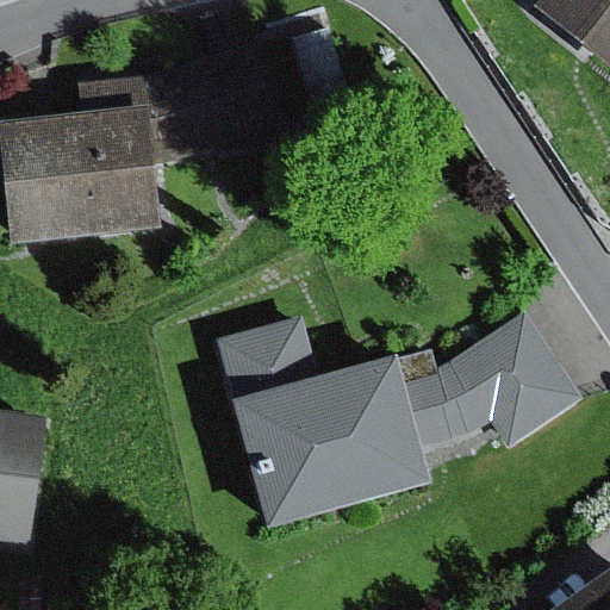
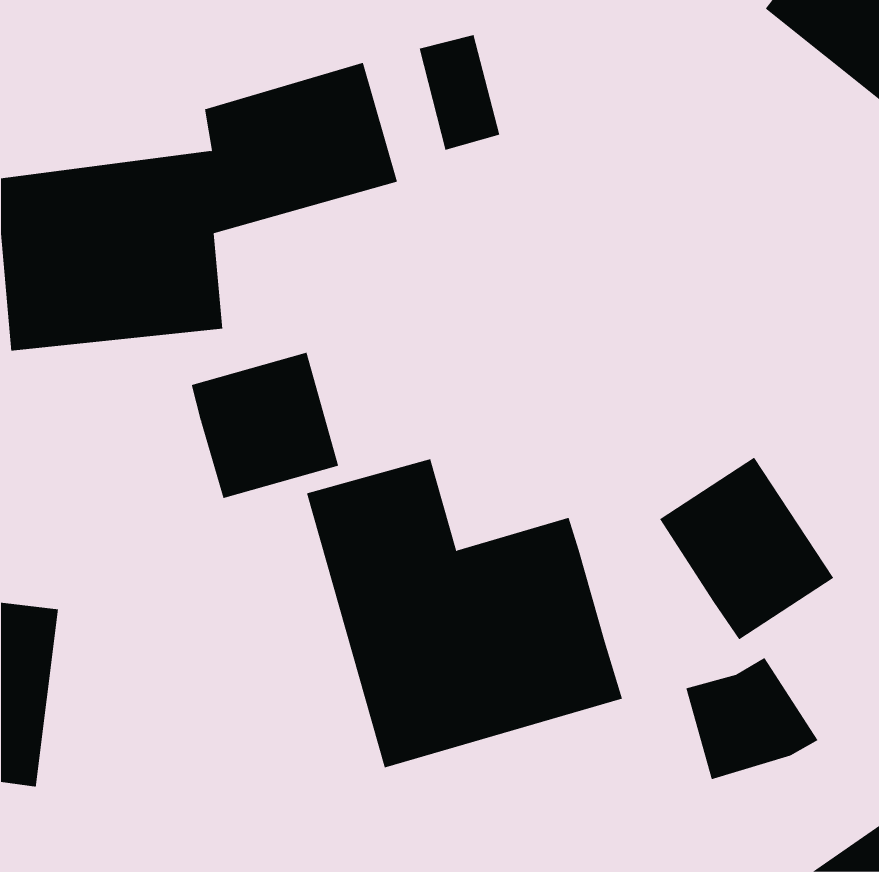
building: none -> [191,352,339,499]
building: [403,357,494,442] -> [685,657,819,780]

